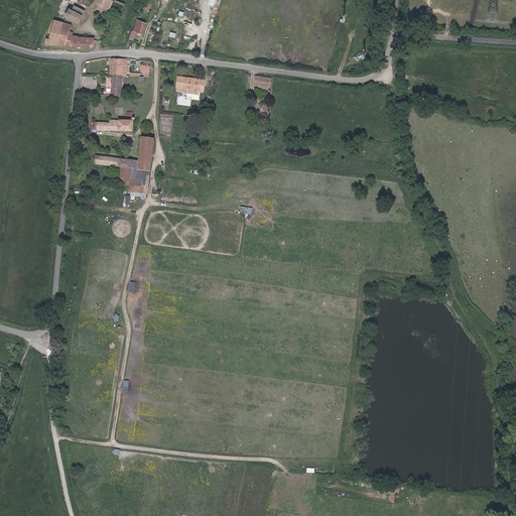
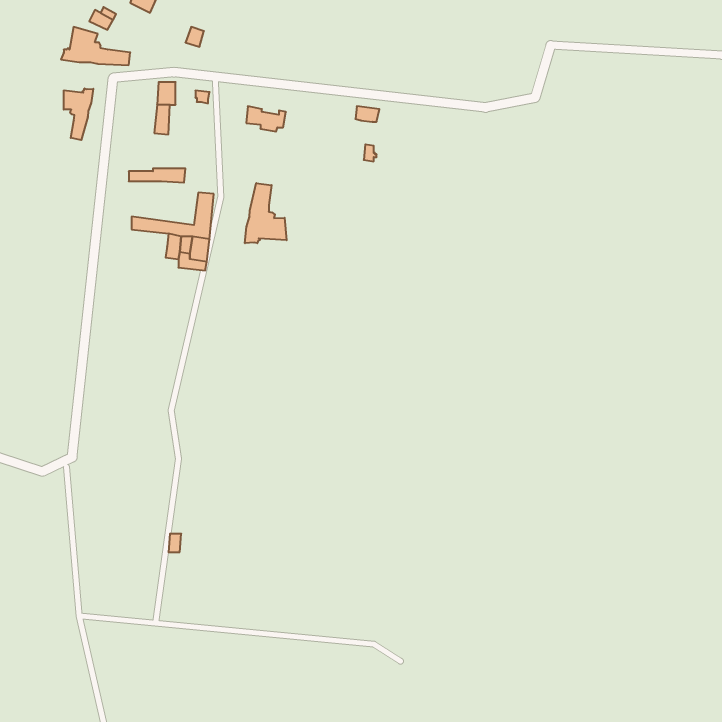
building: none -> [64,88,93,140]
building: none -> [245,183,287,243]

